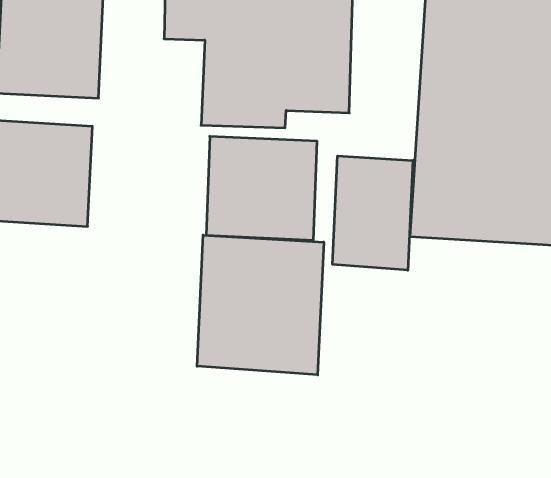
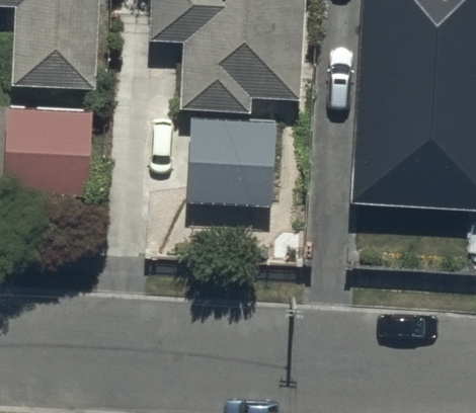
building: [333,156,413,270] -> none
building: [197,235,324,375] -> none

